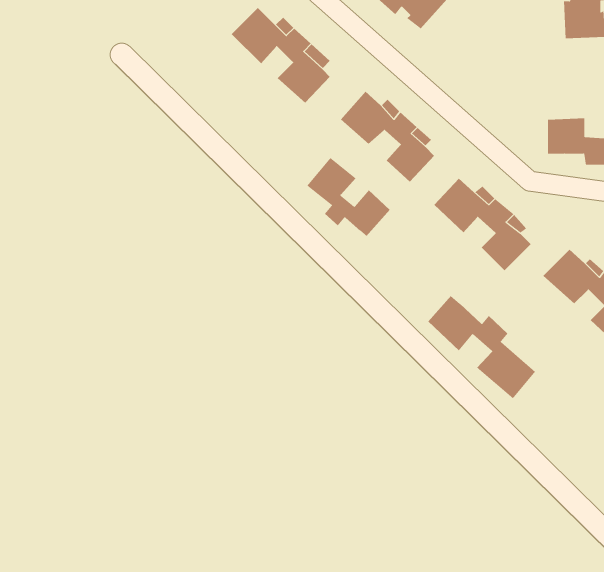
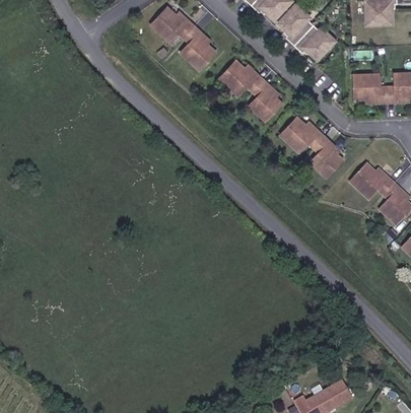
building: none -> [277,8,334,63]
building: [307,157,391,237] -> none
building: [427,295,536,399] -> none

